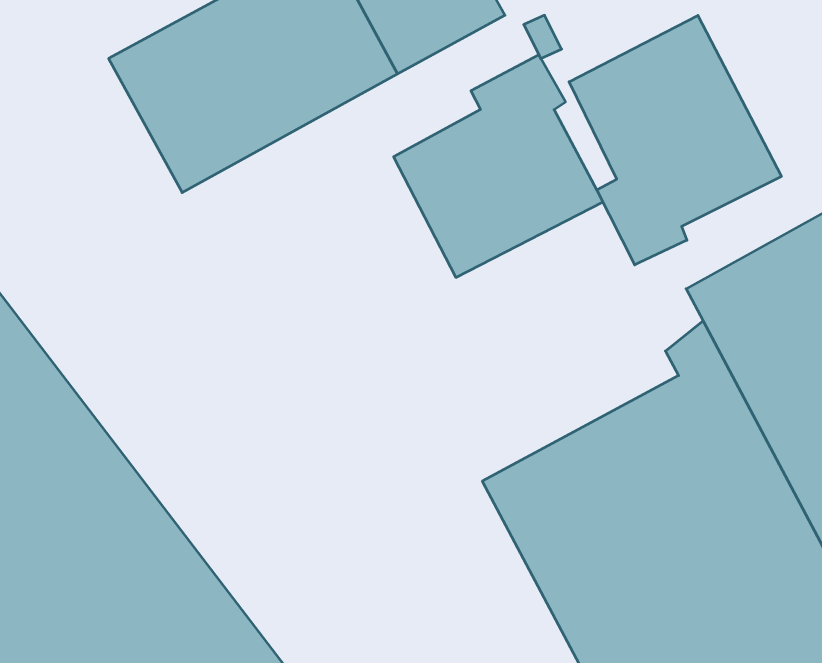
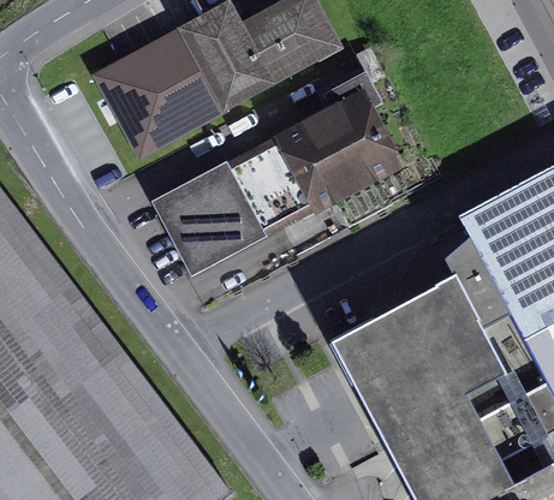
building: [569,15,781,265] -> none
building: none -> [153,136,314,270]

